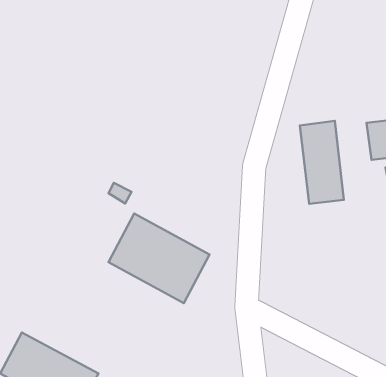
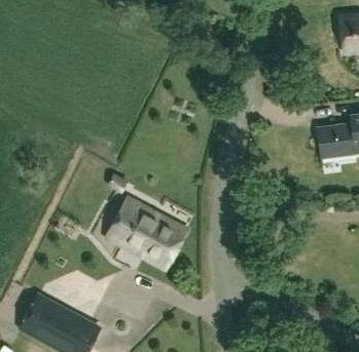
building: [300,121,344,204] -> none

